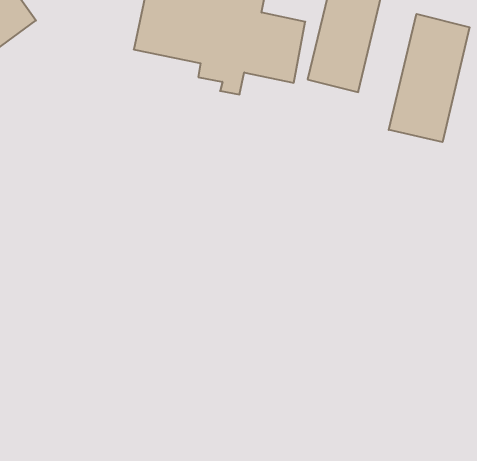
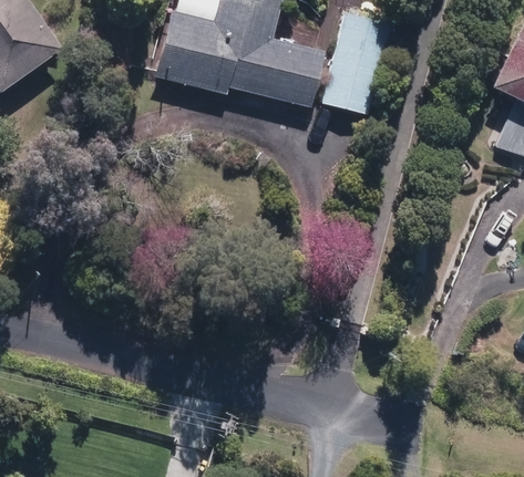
building: [389,14,470,142] -> none

